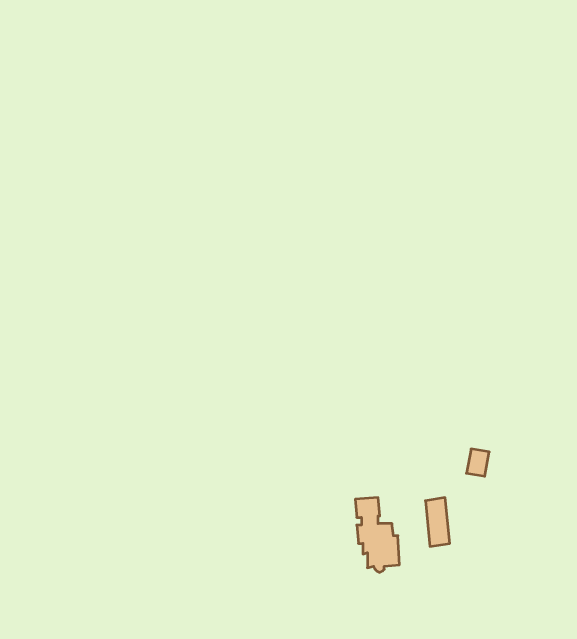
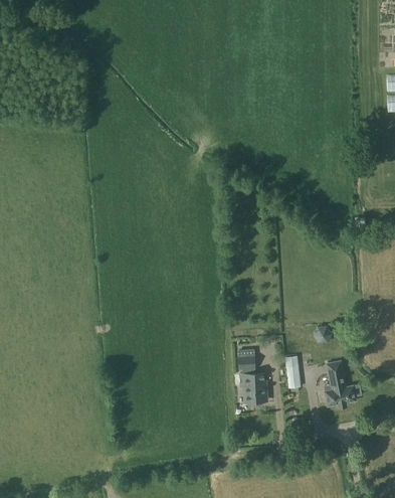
building: none -> [325,359,356,405]

